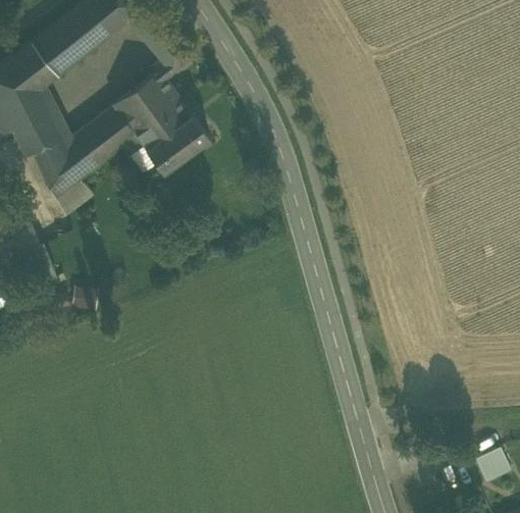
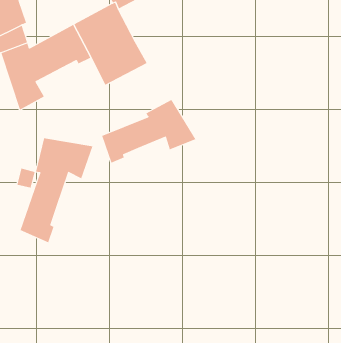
building: none -> [101,99,196,164]
building: none -> [20,138,93,243]

